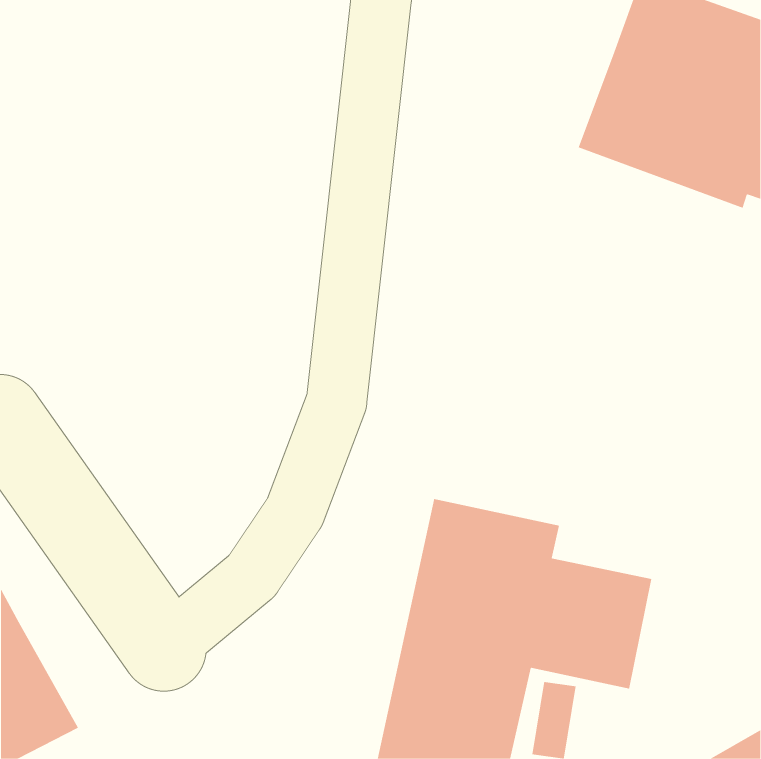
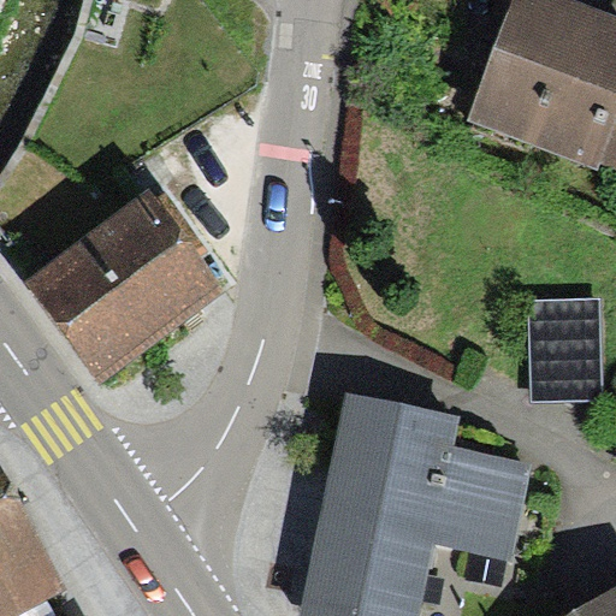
building: none -> [25,190,220,378]
building: none -> [533,306,600,403]

